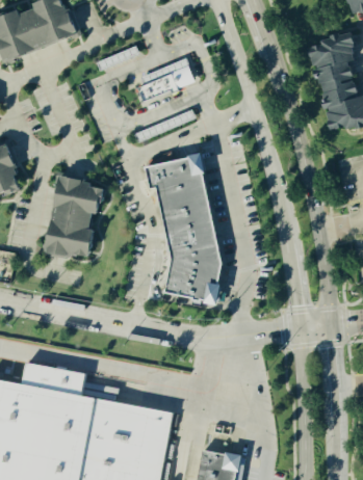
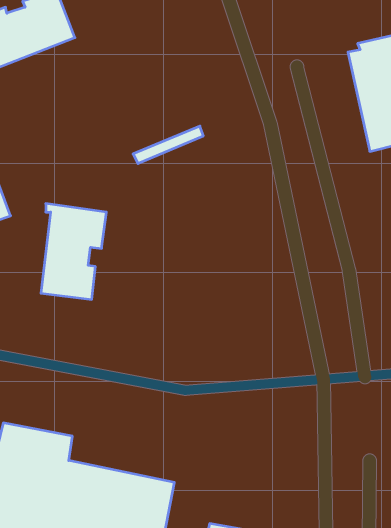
building: [140,58,198,100] -> none
building: [136,154,215,300] -> none

